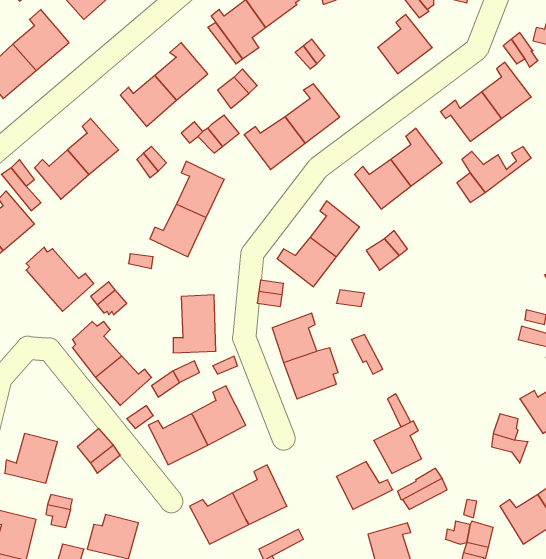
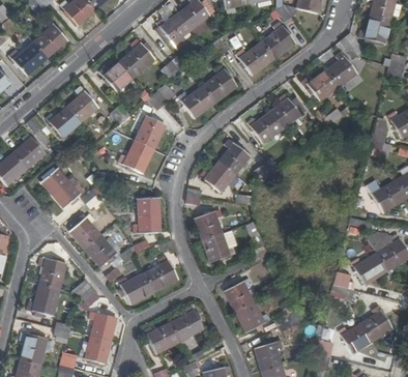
building: none -> [235,42,273,76]
building: none -> [38,257,66,290]
building: [374,421,422,474] -> [224,279,254,312]
building: none -> [86,312,116,341]

